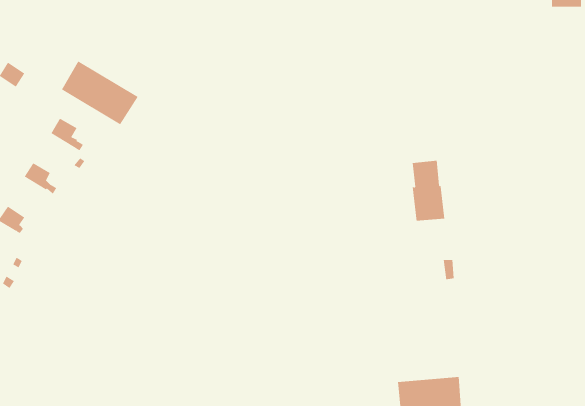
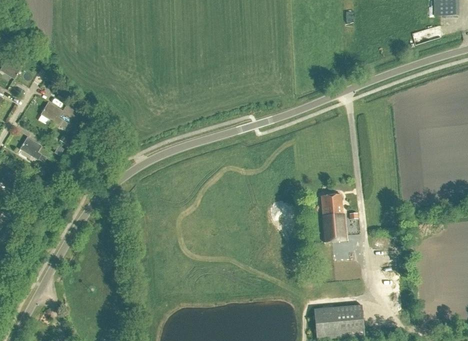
building: [61,60,138,125] -> none
building: [412,160,445,221] -> [321,193,347,241]

